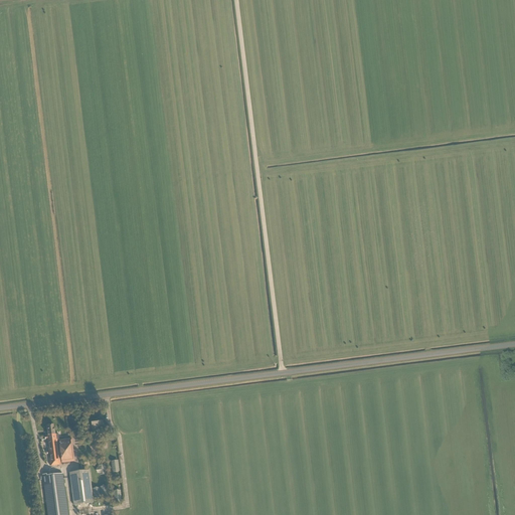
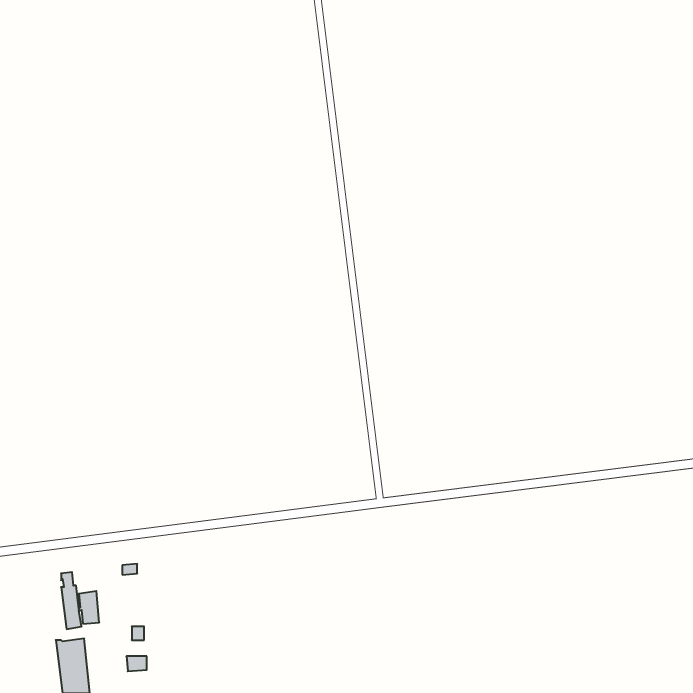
building: [68,470,93,505] -> none

